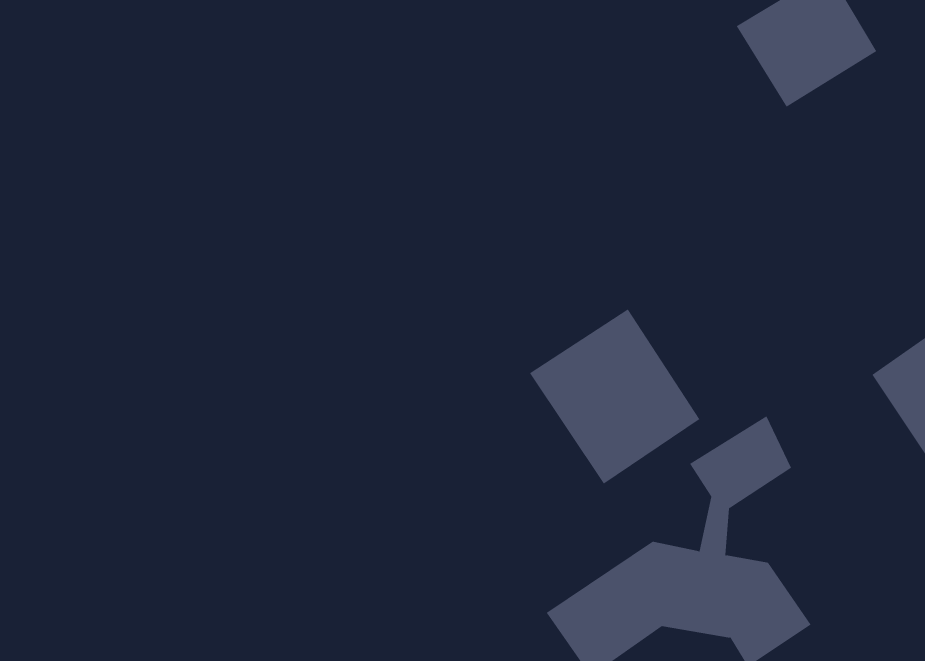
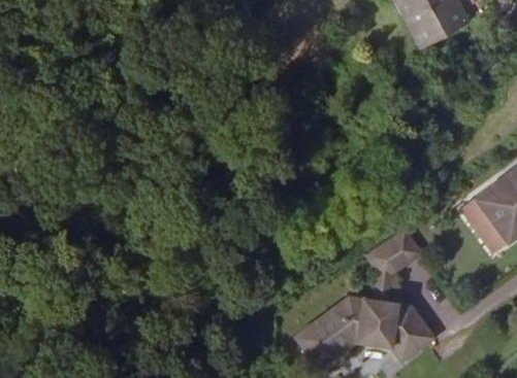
building: [529,309,700,485] -> none

